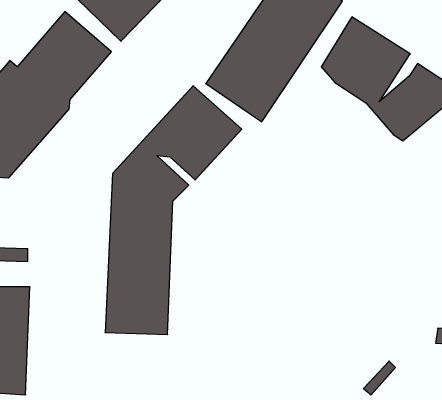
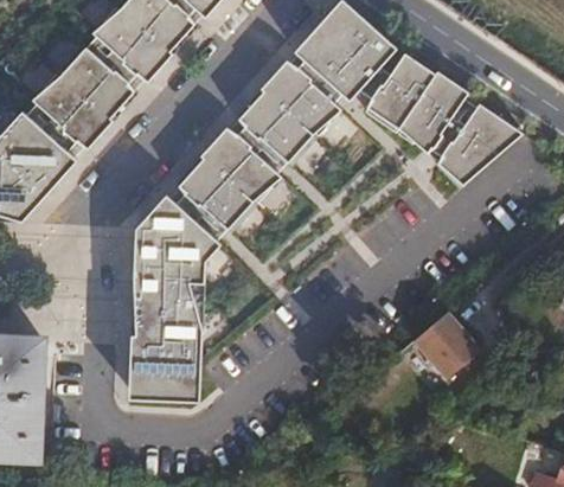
building: none -> [411,312,481,380]

